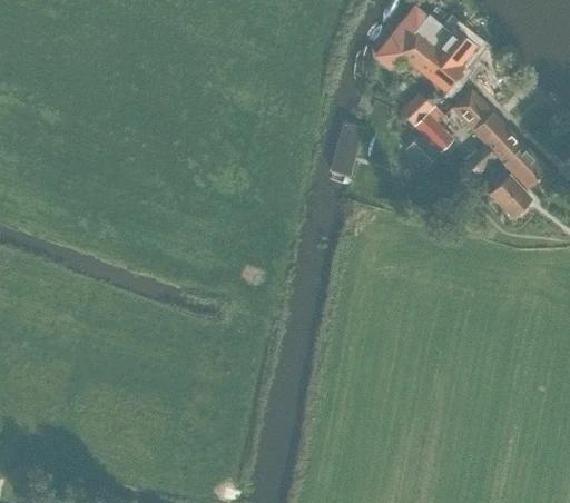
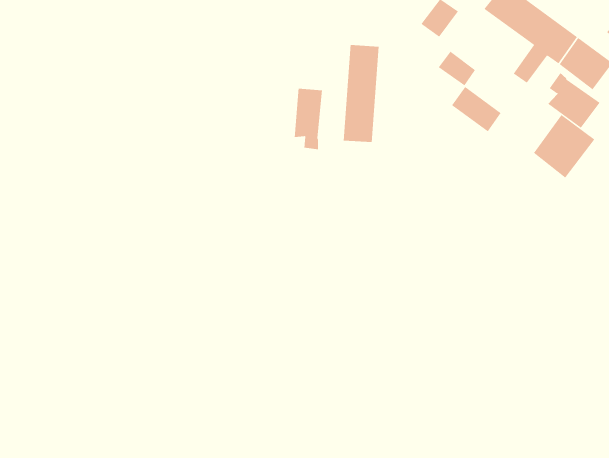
building: [415,116,454,156] -> [451,86,502,132]
building: none -> [294,88,322,150]
building: none -> [533,114,595,178]

